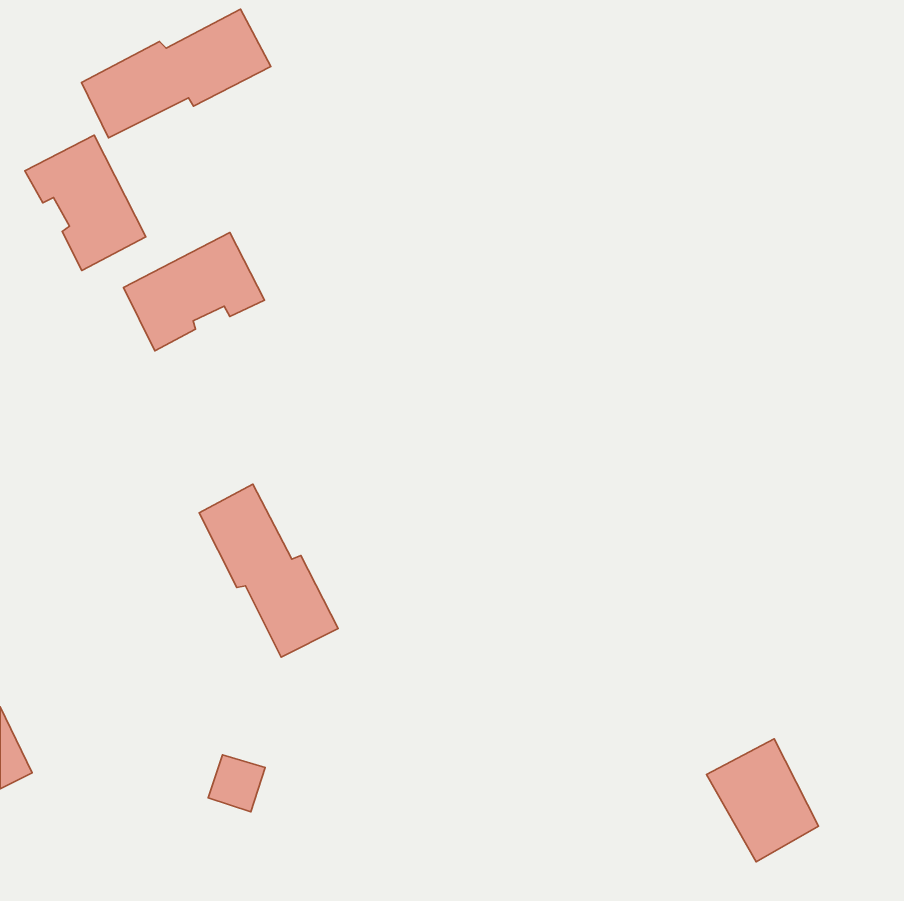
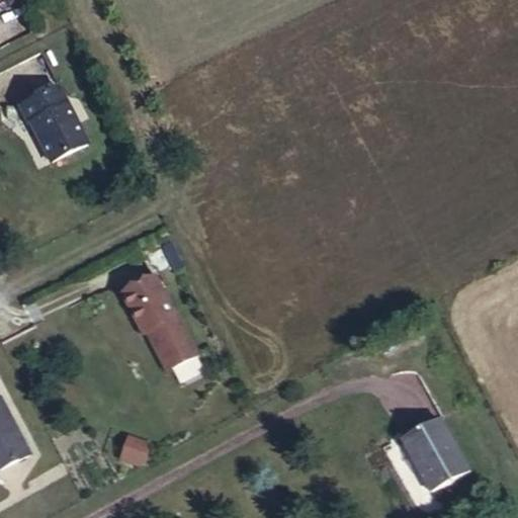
building: [81,9,271,138] -> none
building: [123,232,265,351] -> none

